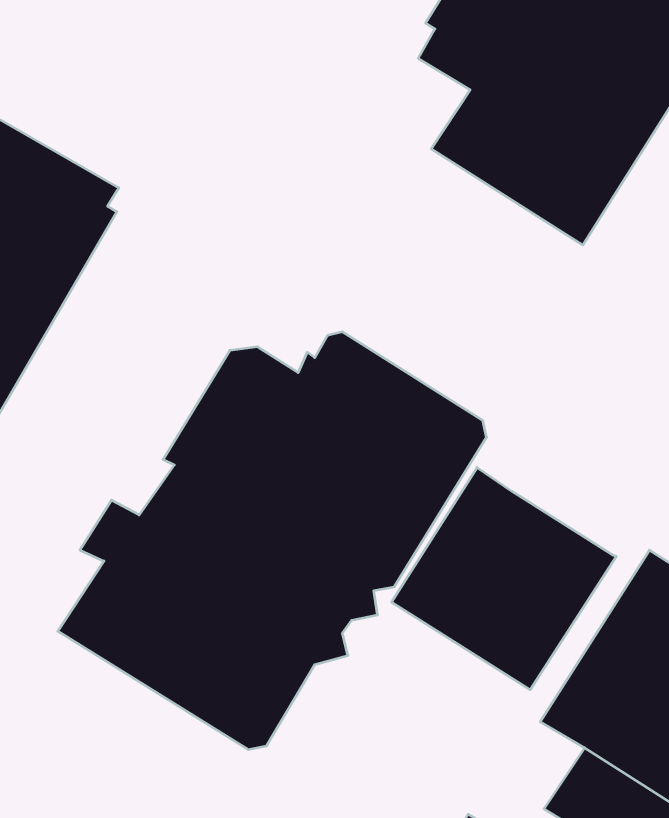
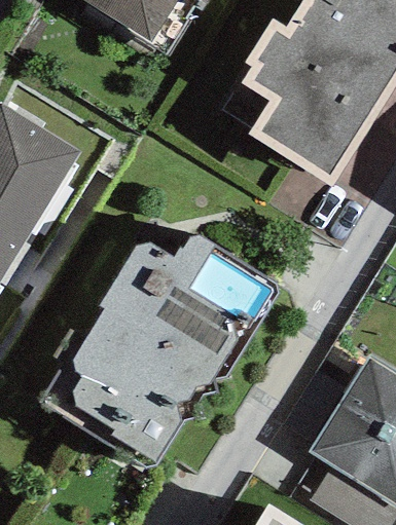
building: [392,467,616,690] -> none

